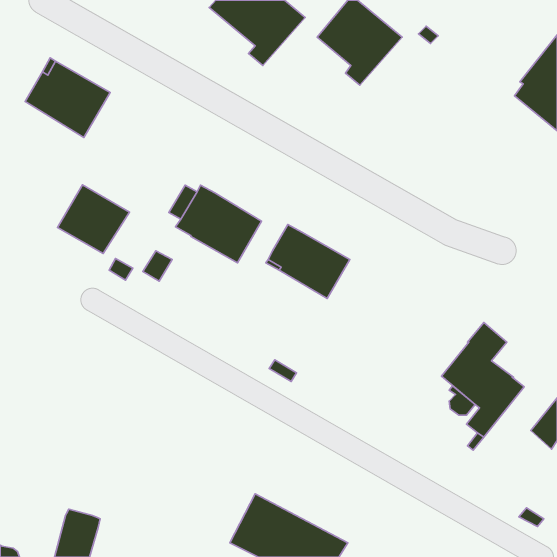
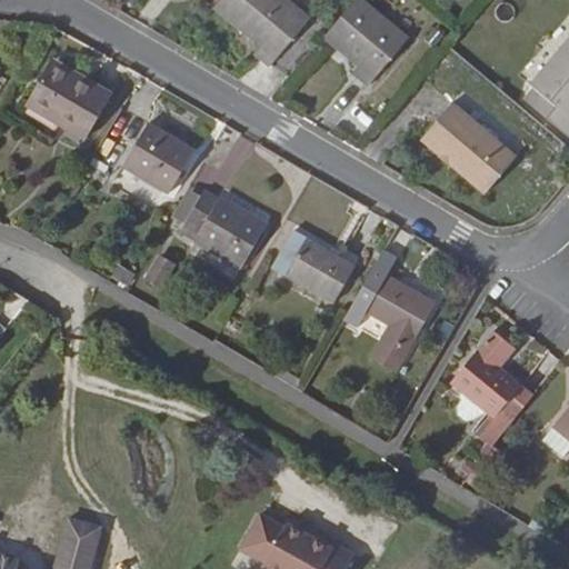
building: none -> [422,102,517,193]
building: [57,185,129,254] -> [122,122,196,192]
building: none -> [343,249,438,372]

